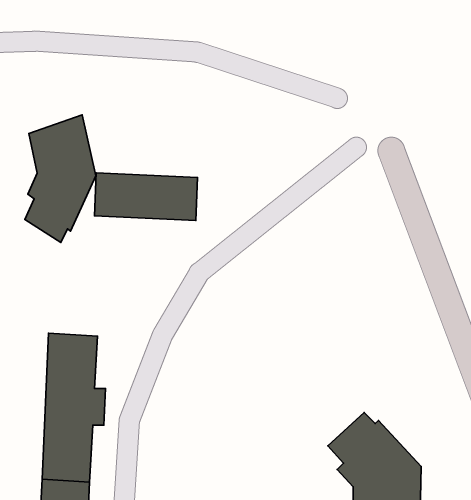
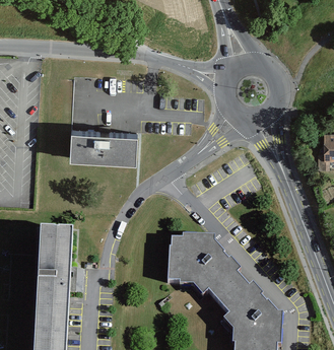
building: [25,115,96,242] -> none
building: none -> [169,238,242,303]

